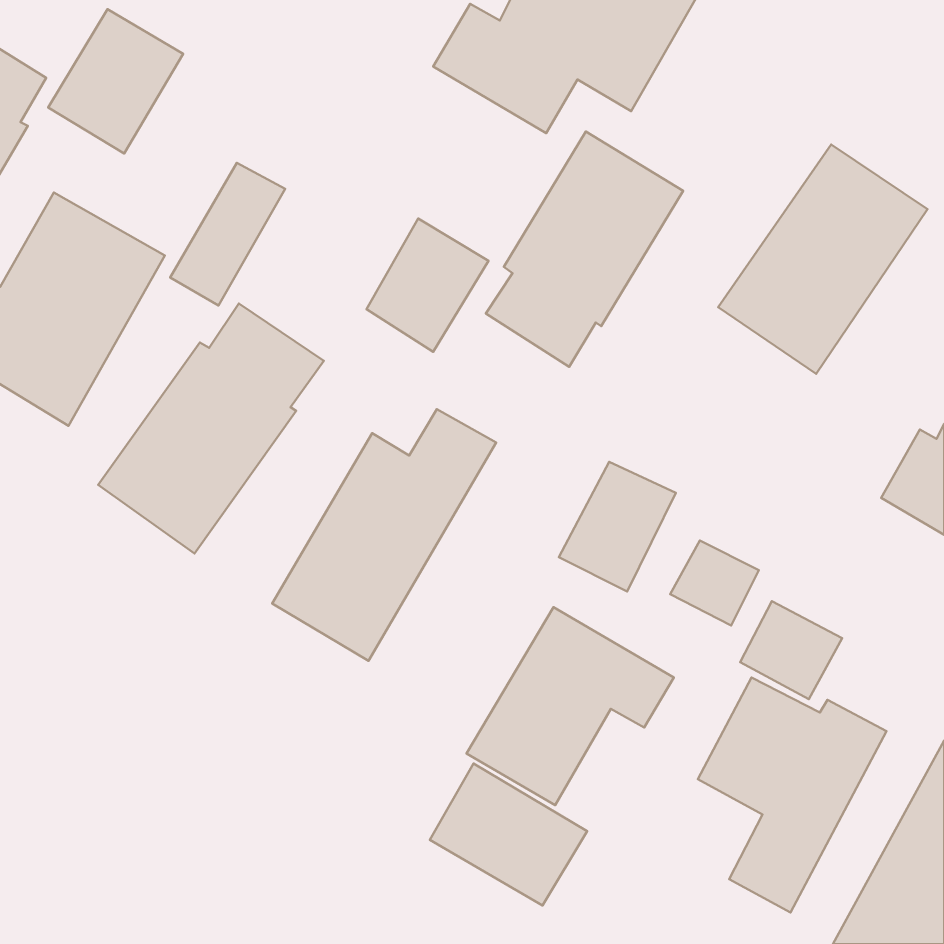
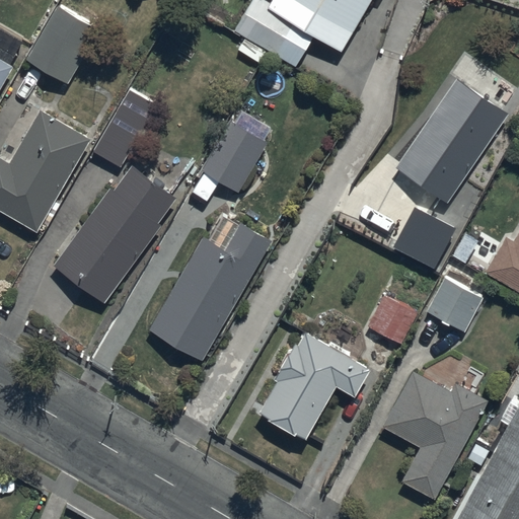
building: [486,132,683,367] -> none
building: none -> [394,208,453,270]
building: [559,462,676,591] -> none
building: [740,601,842,699] -> [426,278,481,331]
building: [430,764,587,906] -> none

